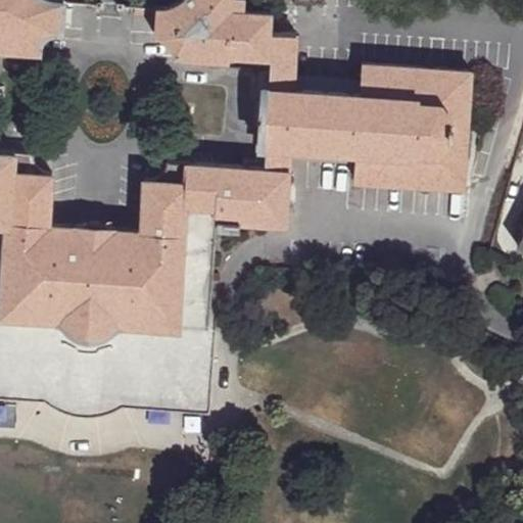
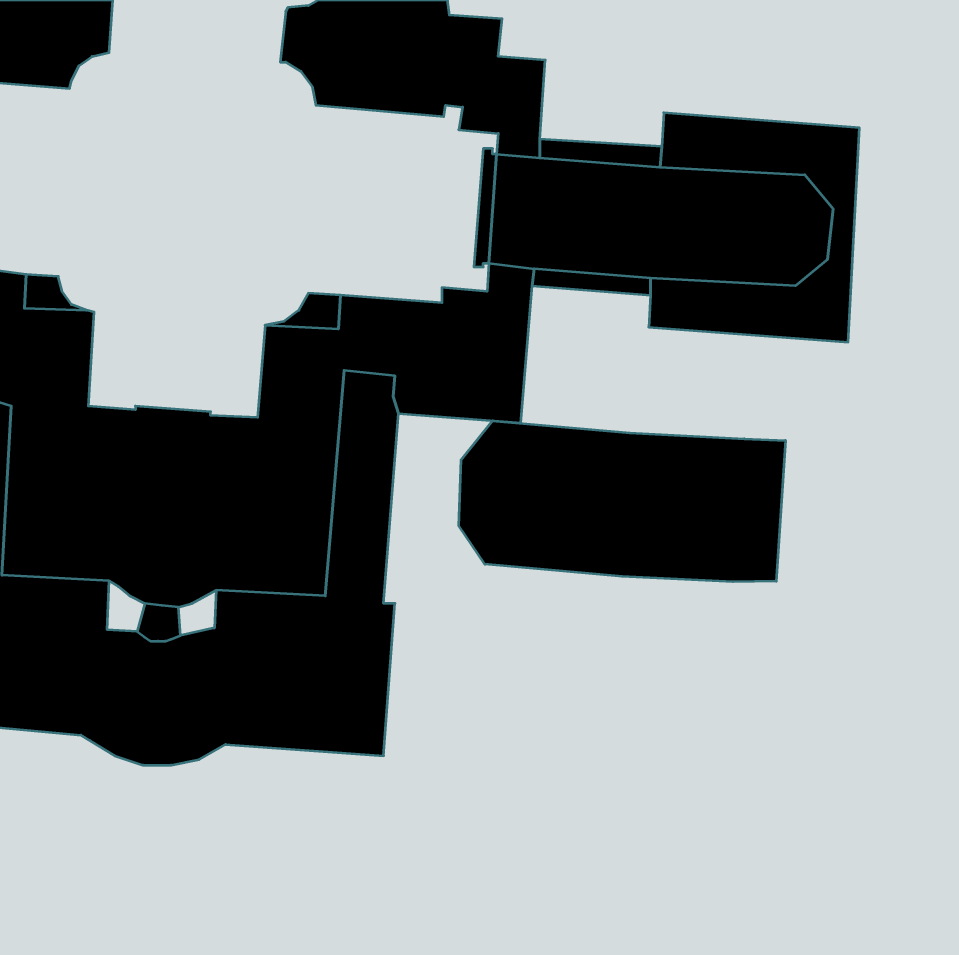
building: none -> [459,421,785,582]

